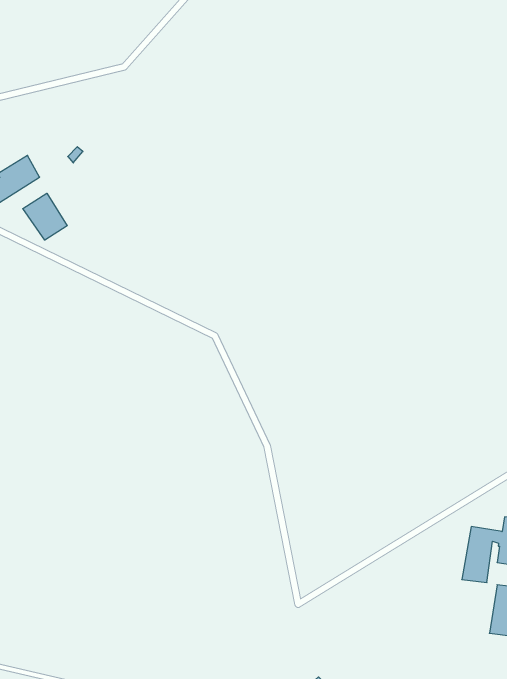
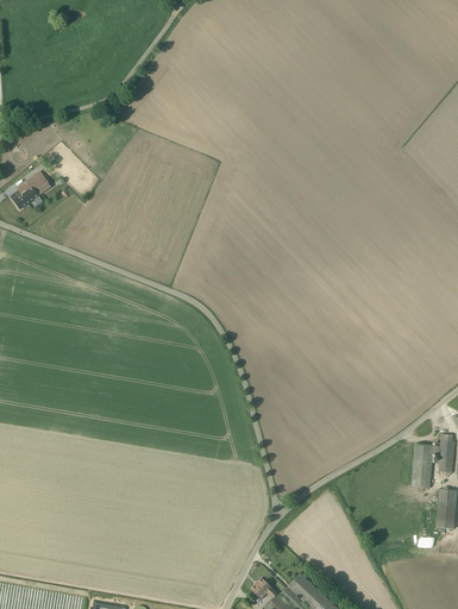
building: [23,193,67,240] -> none

